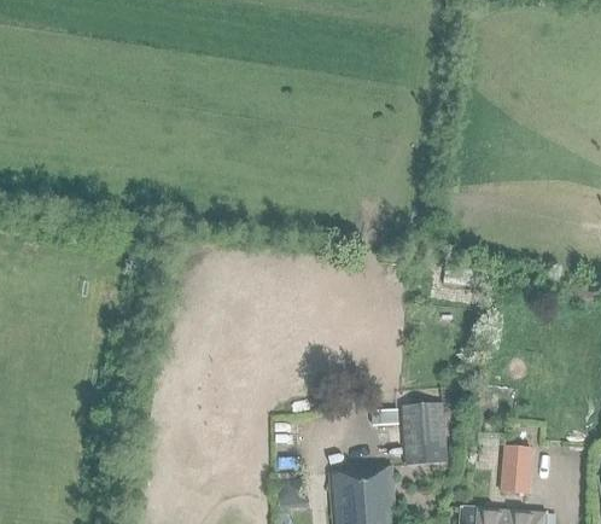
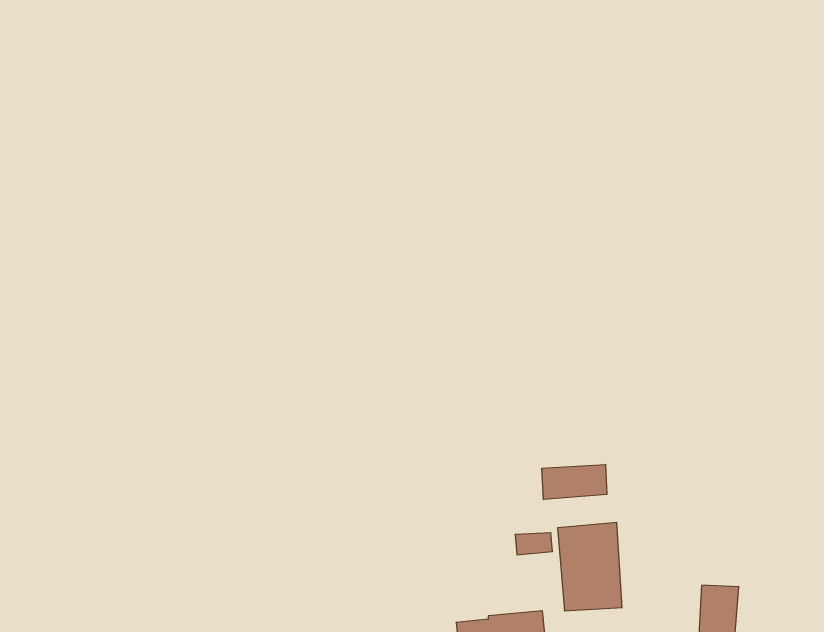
building: none -> [542,464,607,500]

